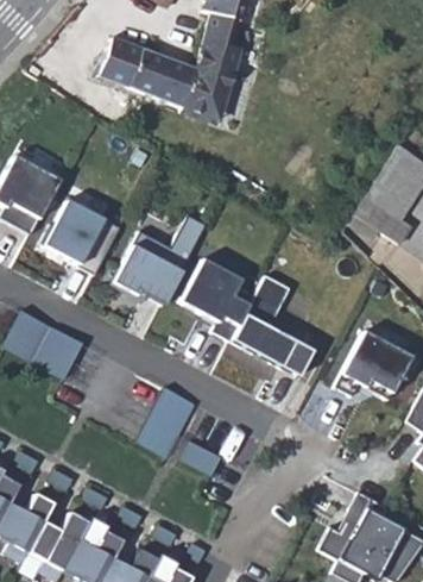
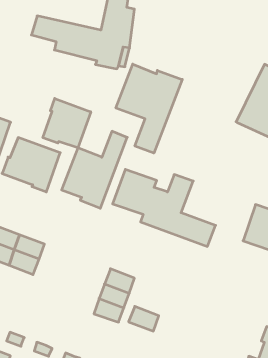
building: none -> [116,64,182,153]
building: none -> [43,98,91,148]

